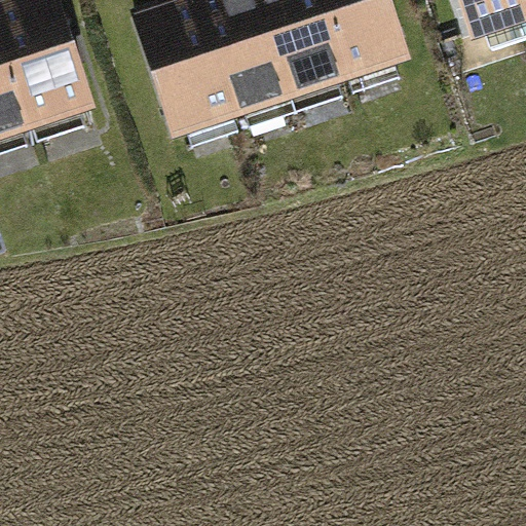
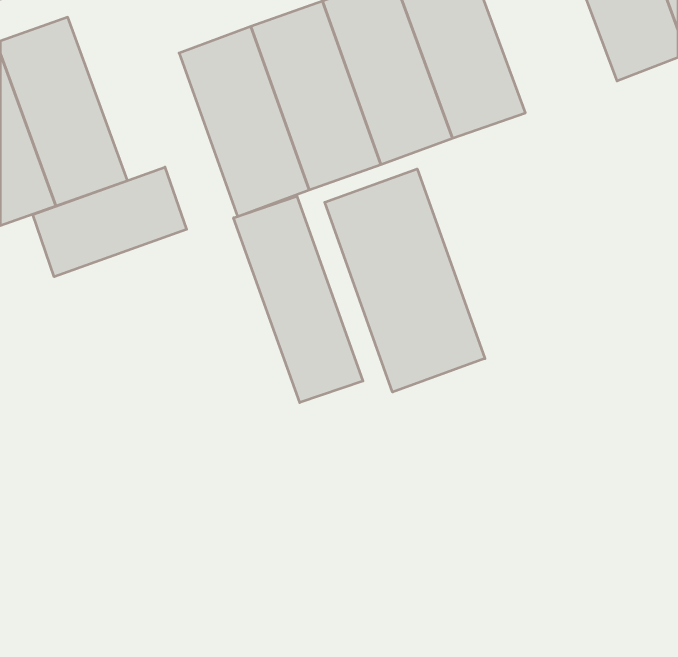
building: none -> [33,167,187,277]
building: none -> [325,169,485,392]
building: none -> [234,196,363,403]

